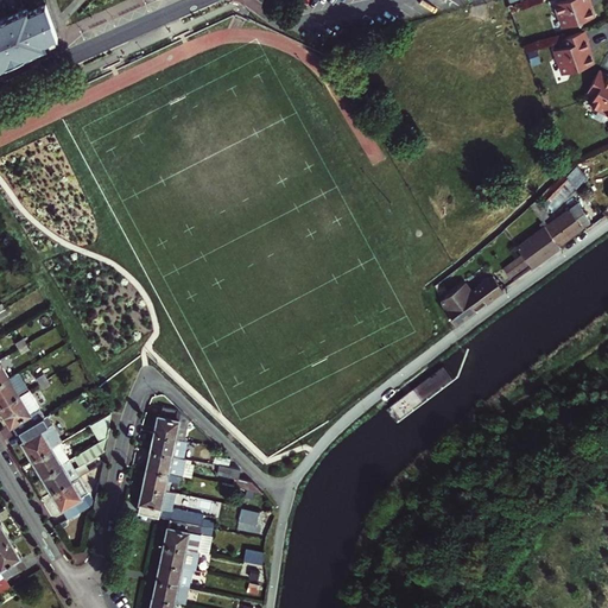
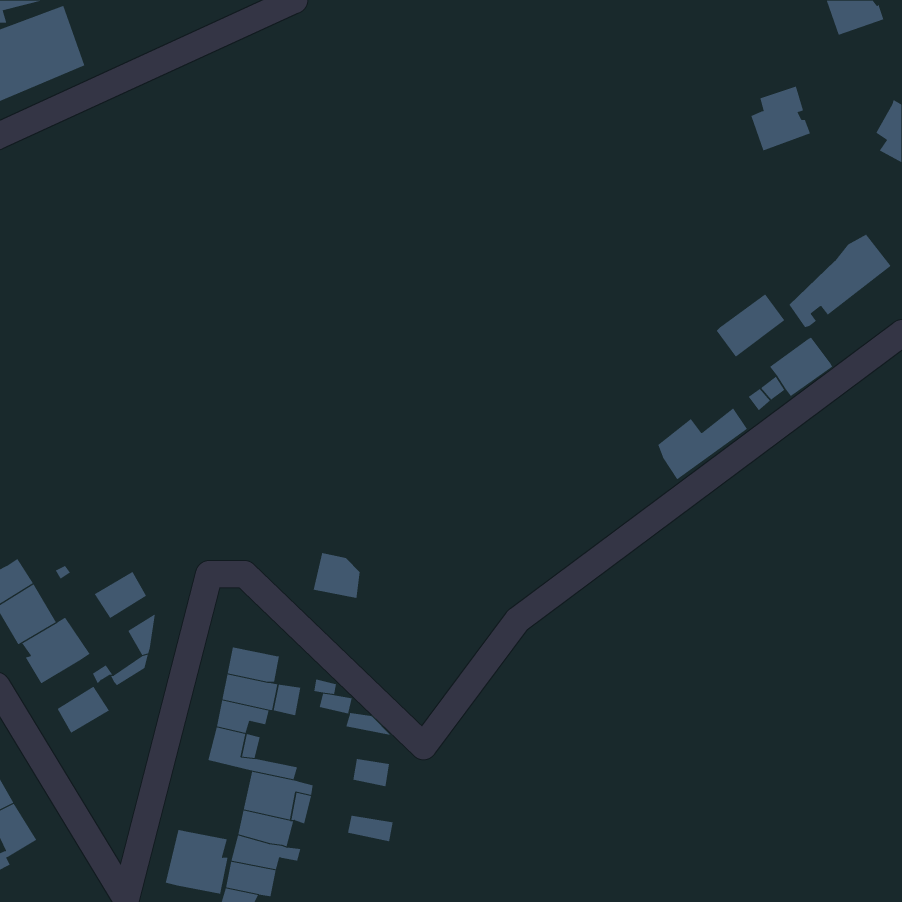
building: [553,30,594,74] -> [751,86,811,151]
building: [544,203,590,246] -> [716,294,785,357]
building: [156,411,188,442] -> [313,553,361,599]
building: [27,445,63,477] -> [94,571,147,619]
building: [48,479,83,521] -> none
building: none -> [165,829,228,895]

